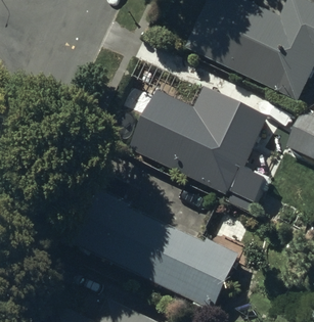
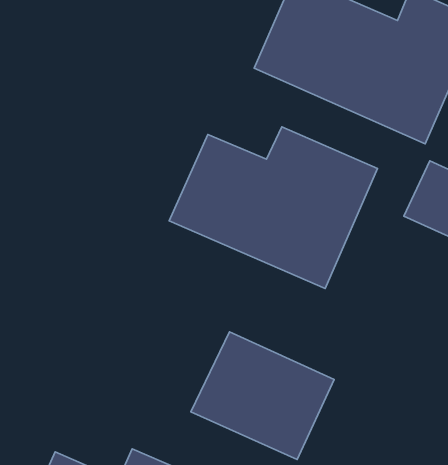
building: [71,190,169,276] -> none

